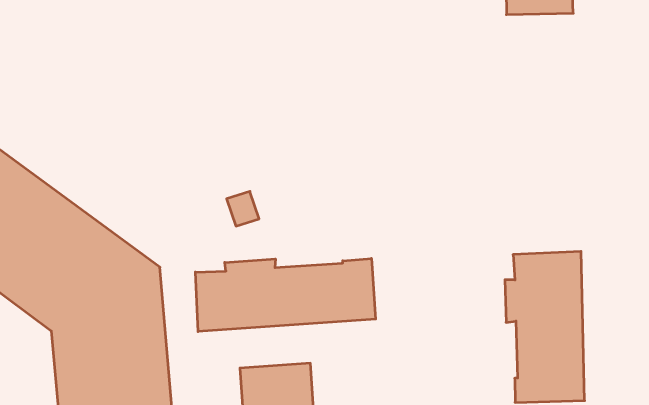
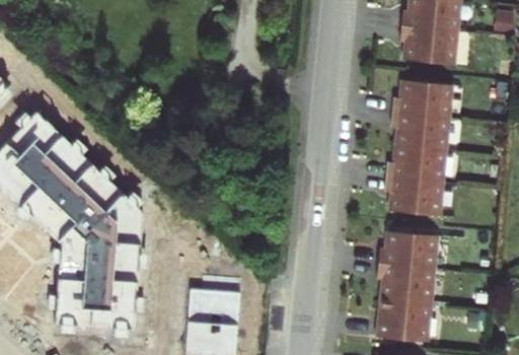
building: none -> [386,79,452,215]
building: [195,258,376,332] -> none

